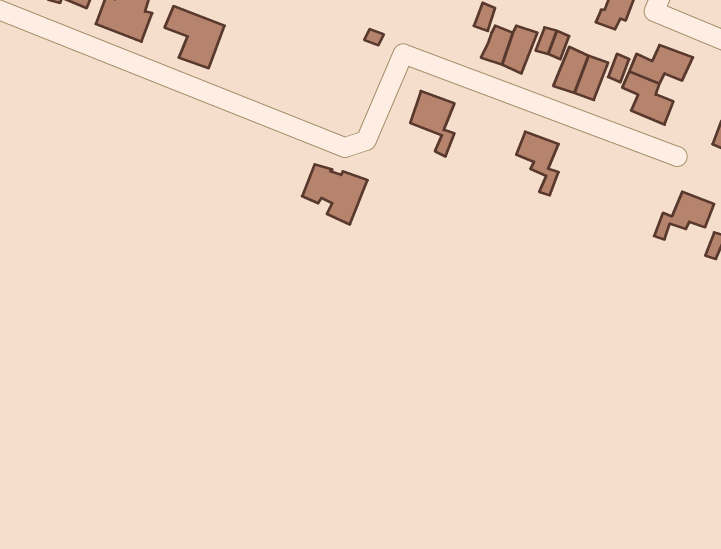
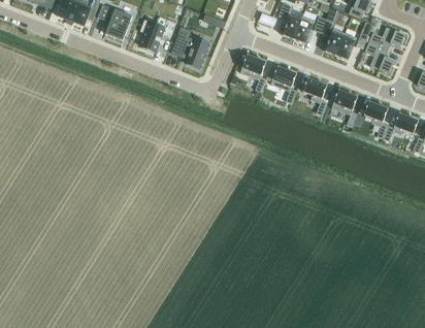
building: none -> [139,19,175,52]
building: none -> [270,66,296,103]
building: none -> [331,89,357,127]
building: [302,164,368,224] -> [171,33,209,68]
building: none -> [363,101,388,138]

